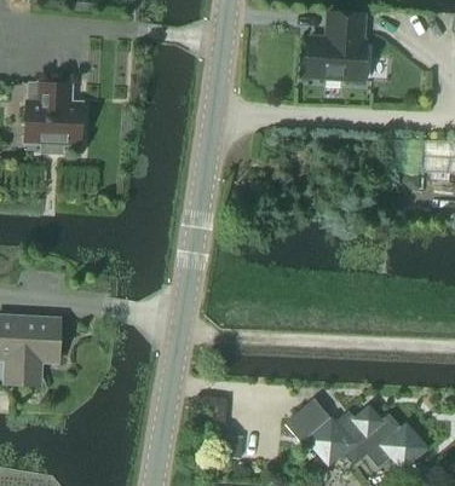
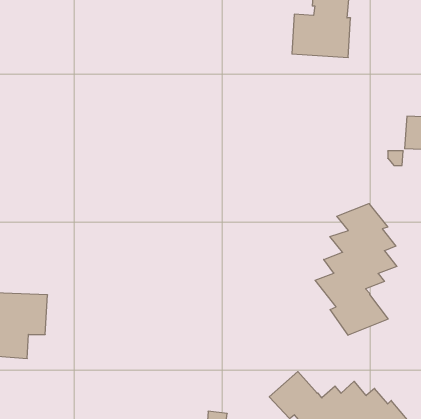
building: [25,82,83,152] -> none
building: none -> [315,204,397,335]

